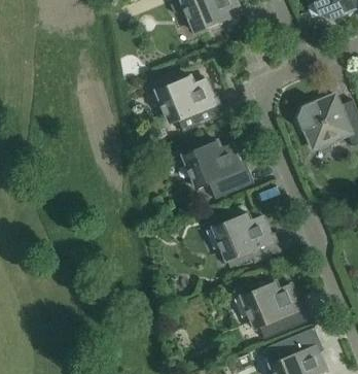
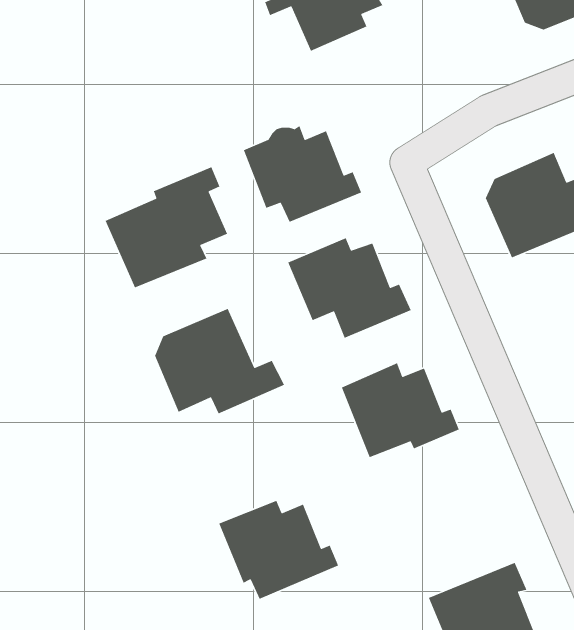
building: none -> [104,166,228,288]
building: none -> [154,308,285,414]
building: [240,280,310,338] -> [218,500,339,600]

